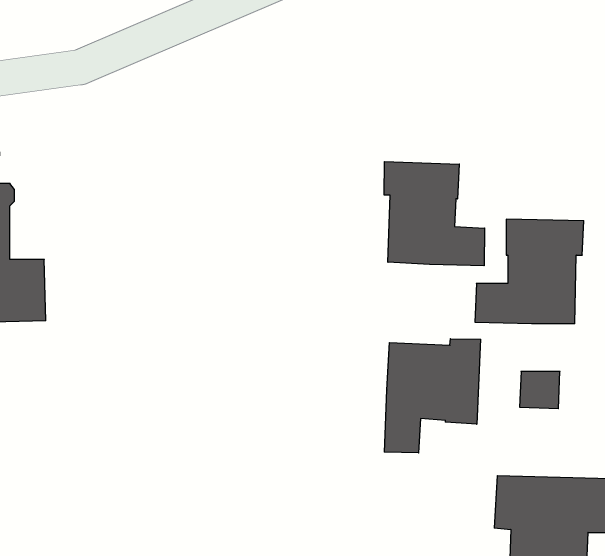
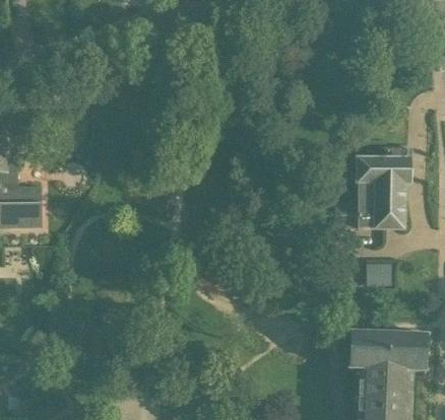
building: [384,162,485,266] -> none
building: [384,339,481,453] -> none

